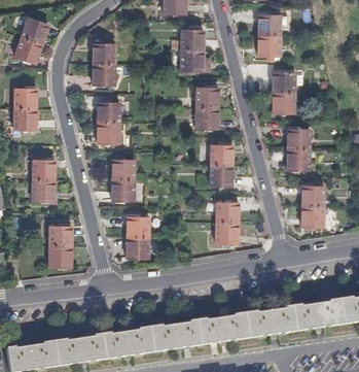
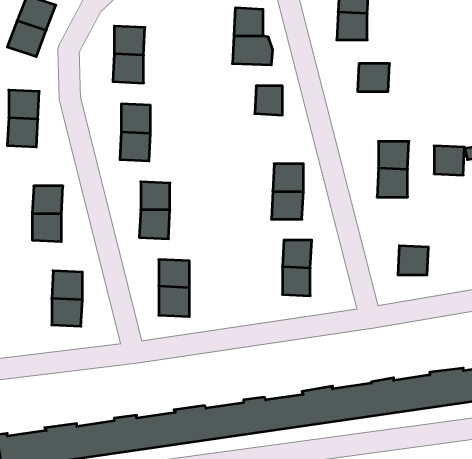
building: [274,92,296,113] -> none
building: [196,108,218,129] -> none
building: [304,185,327,207] -> [434,146,465,175]

